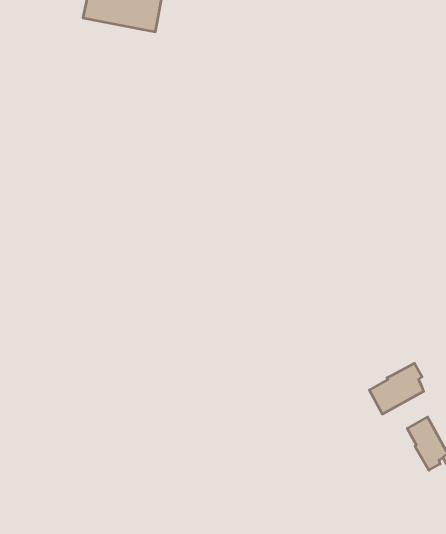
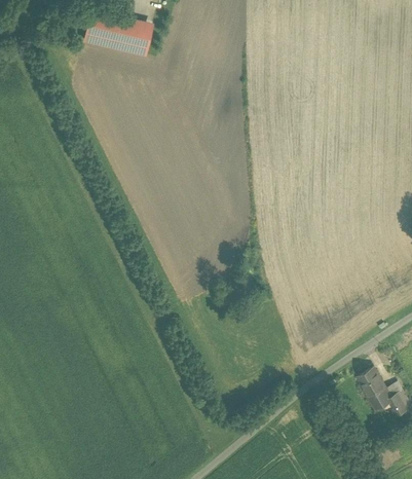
building: [369,363,424,414] -> none

